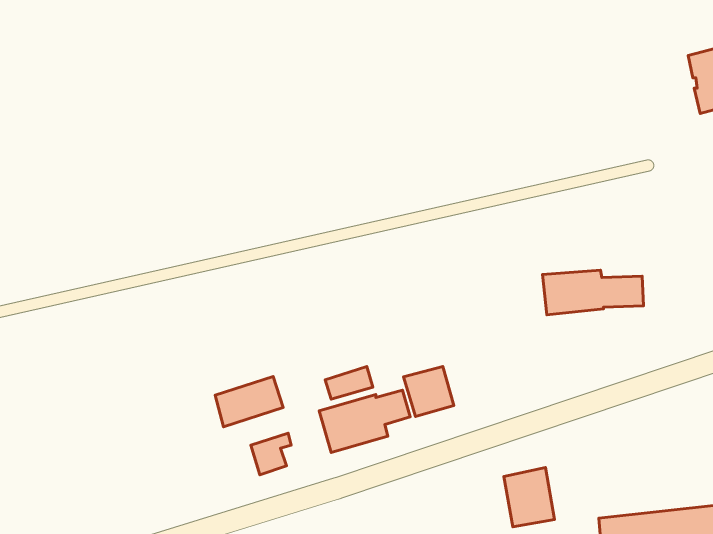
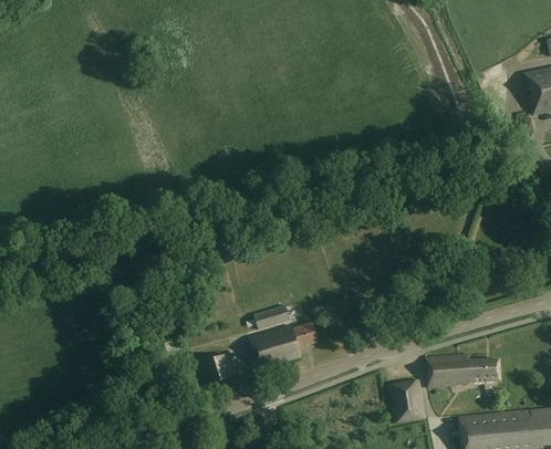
building: [542,270,644,315] -> [426,353,501,386]
building: [404,367,454,417] -> none
building: [215,377,283,427] -> none

